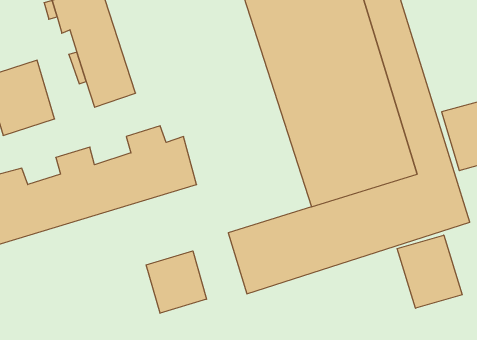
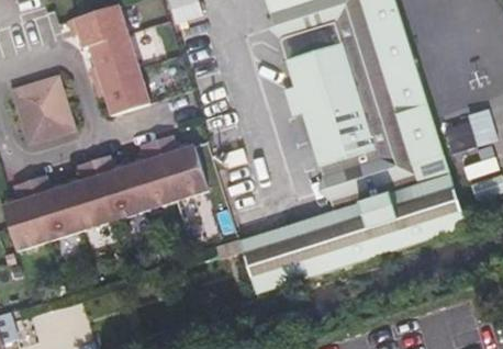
building: [397,235,462,308] -> none
building: [146,251,207,313] -> none

